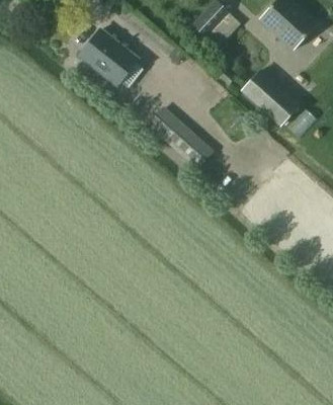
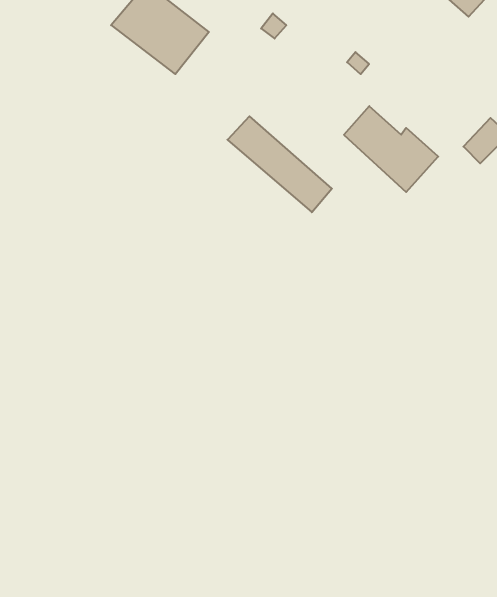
building: [243,73,300,125] -> [344,106,438,192]

